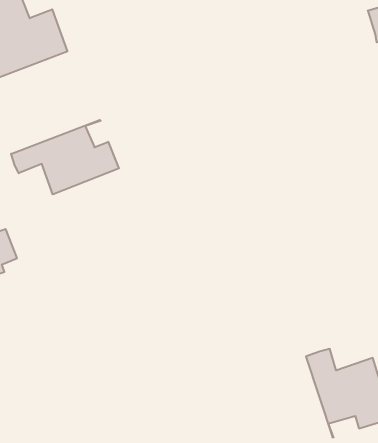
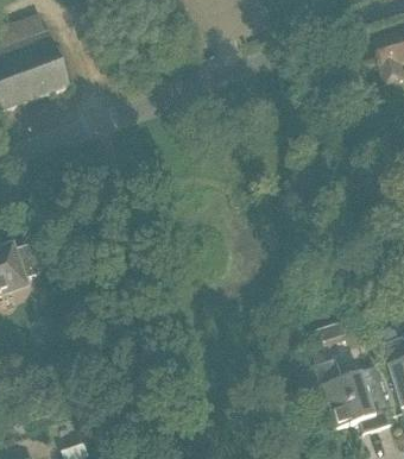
building: [11,120,119,194] -> none

